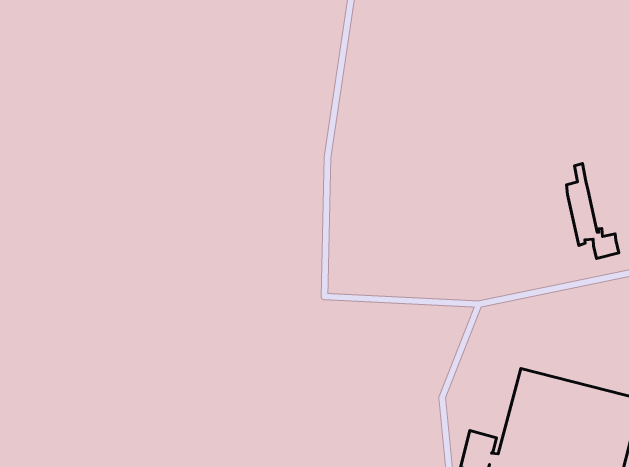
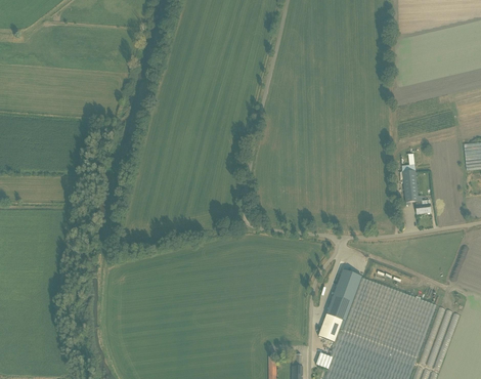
building: none -> [327,269,363,321]

